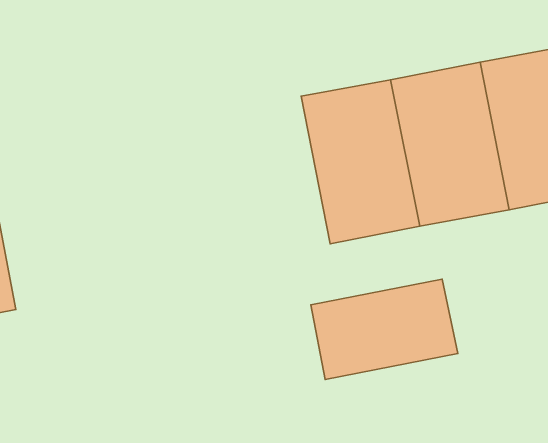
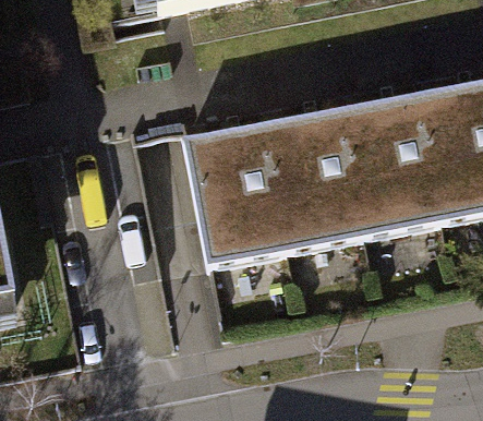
building: none -> [185,121,288,263]
building: [311,279,458,379] -> none

